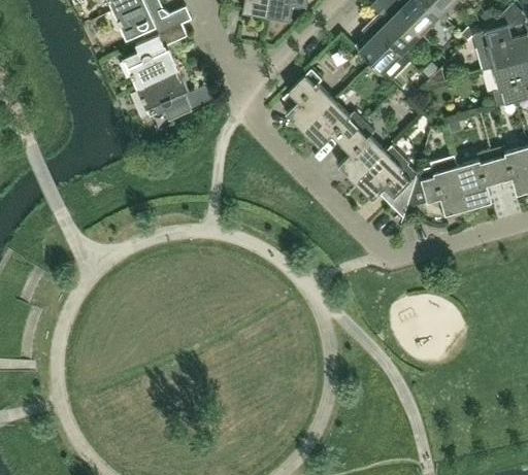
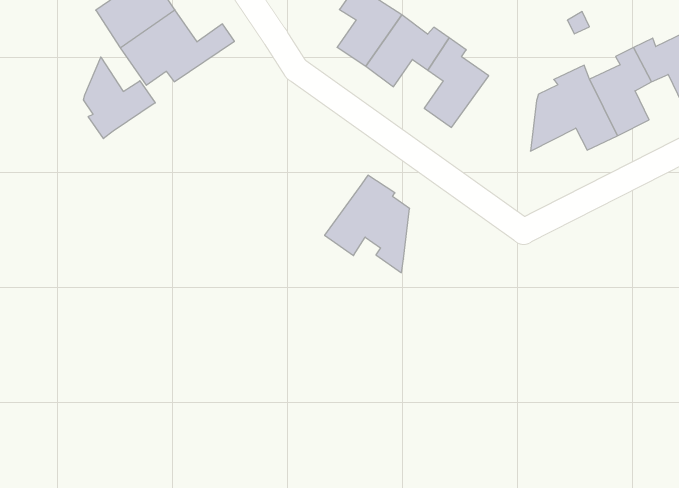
building: none -> [83,57,155,139]
building: [355,147,417,218] -> [325,175,410,273]

